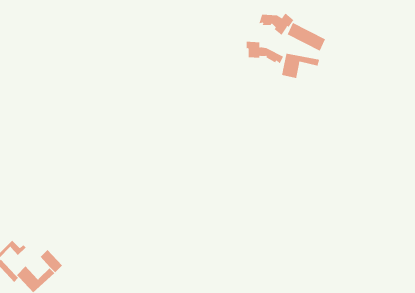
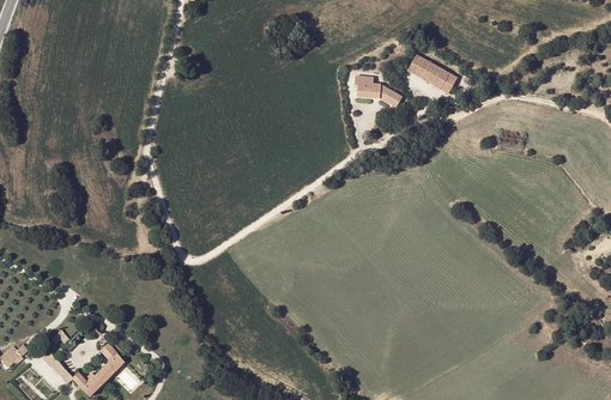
building: [258,13,294,36] -> none
building: [281,53,320,79] -> none

